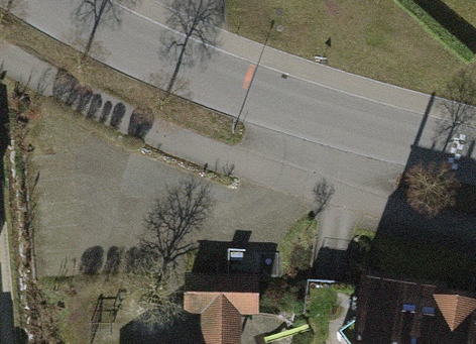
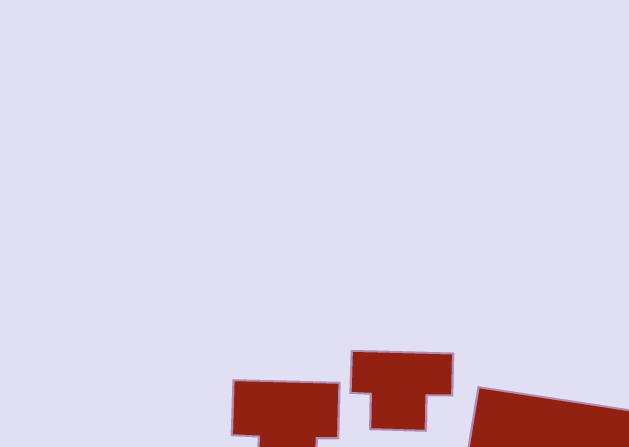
building: none -> [351,351,453,431]

